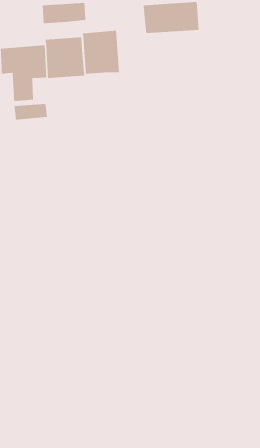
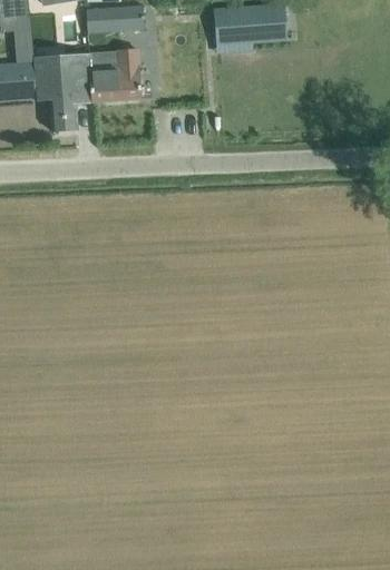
building: [82,30,120,74] -> none
building: [14,103,48,120] -> none

